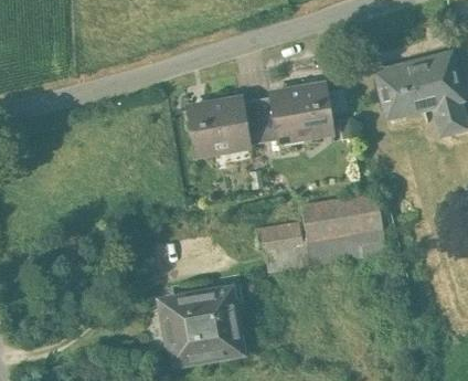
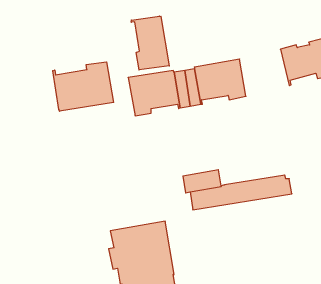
building: none -> [131,16,169,70]
building: none -> [53,62,114,111]
building: [301,190,383,240] -> none

